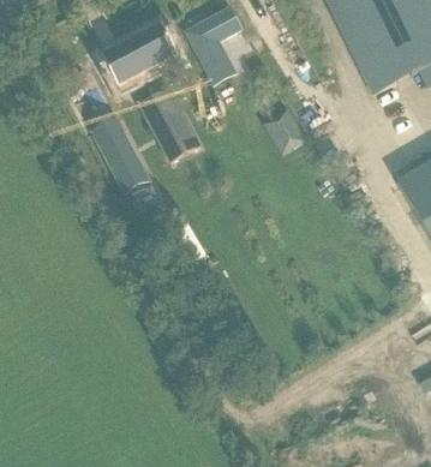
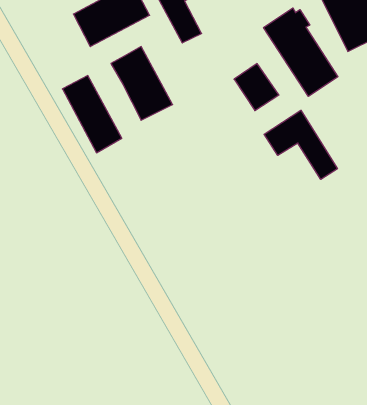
building: none -> [264,8,338,96]
building: none -> [264,110,337,179]

